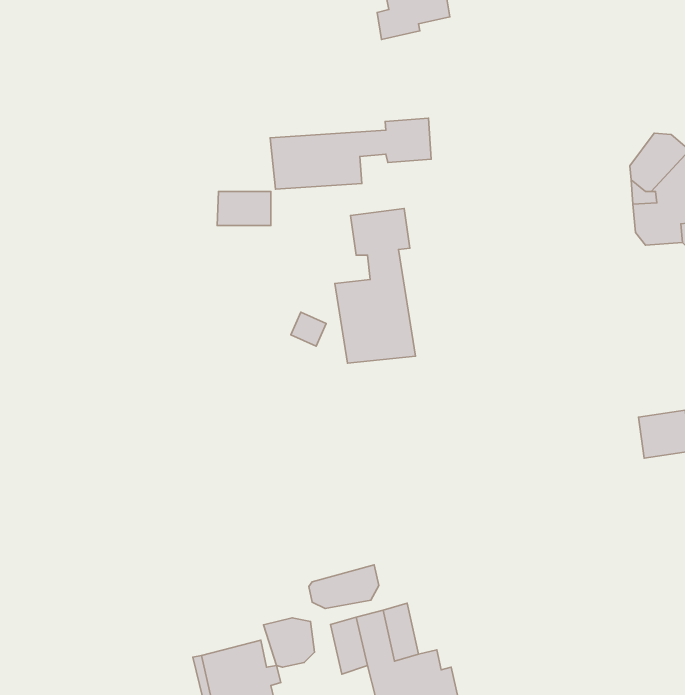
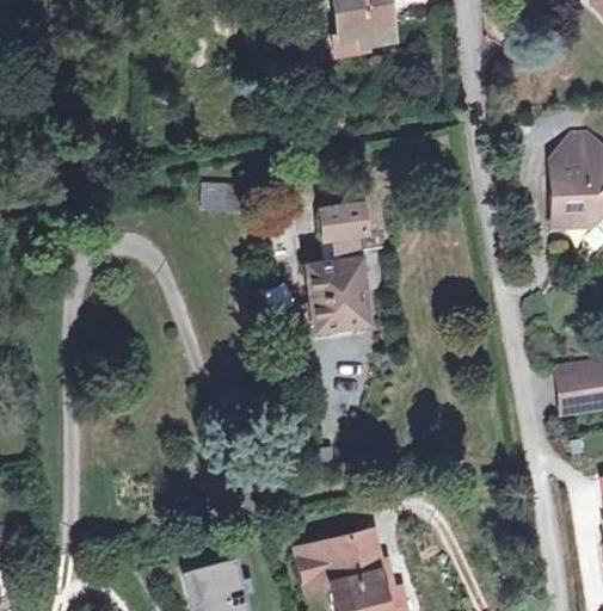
building: [270,118,431,189] -> none
building: [309,565,379,608] -> none
building: [264,618,314,667] -> none

